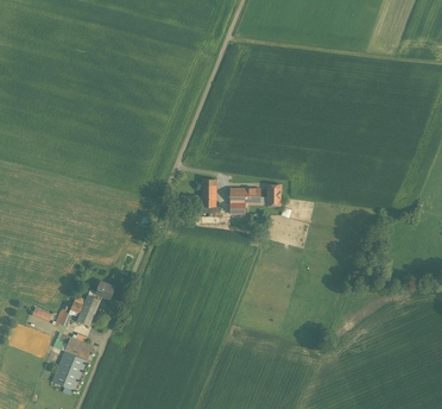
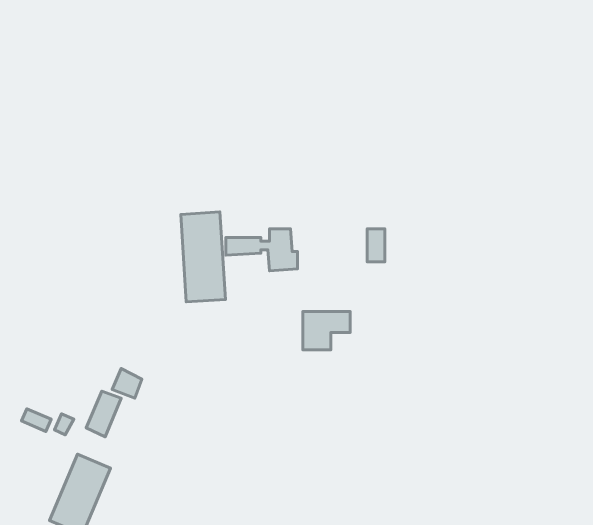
building: none -> [181,212,225,302]
building: [231,188,263,214] -> [303,311,350,350]

